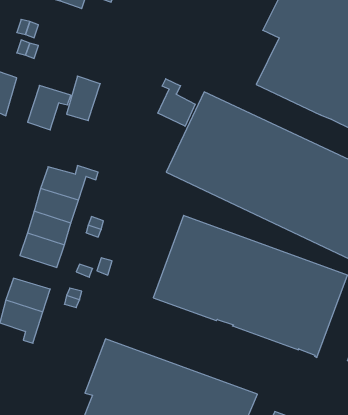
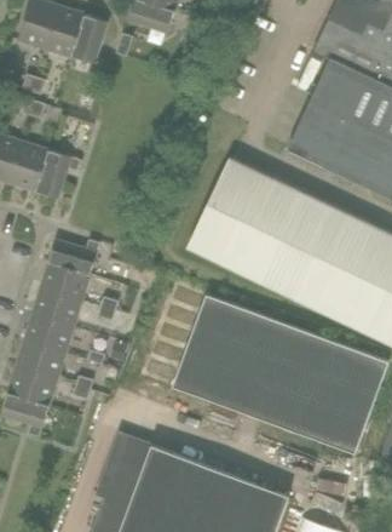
building: [67,76,100,121] -> [8,142,46,191]
building: [158,79,195,126] -> none
building: none -> [17,341,65,378]

